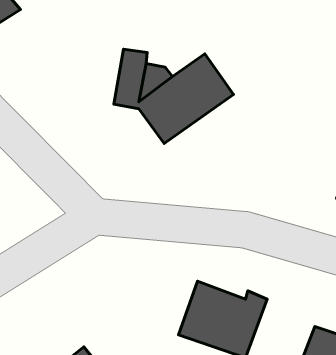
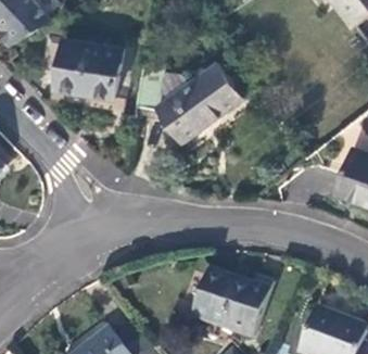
building: none -> [52,39,120,110]

